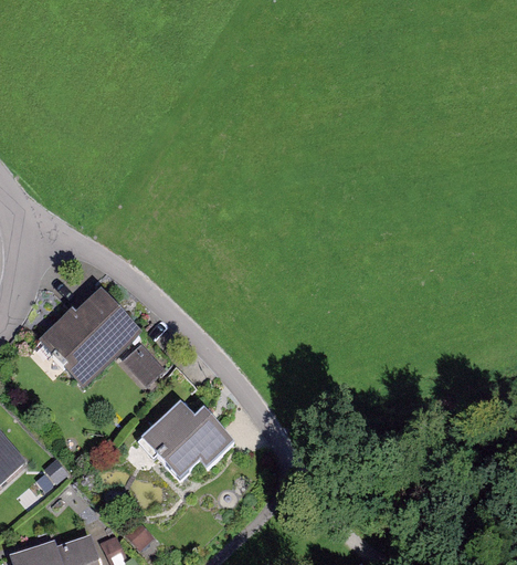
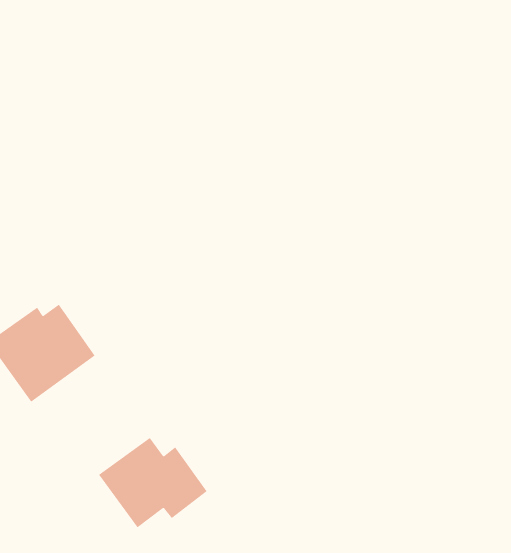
building: [125,337,171,384] -> none

